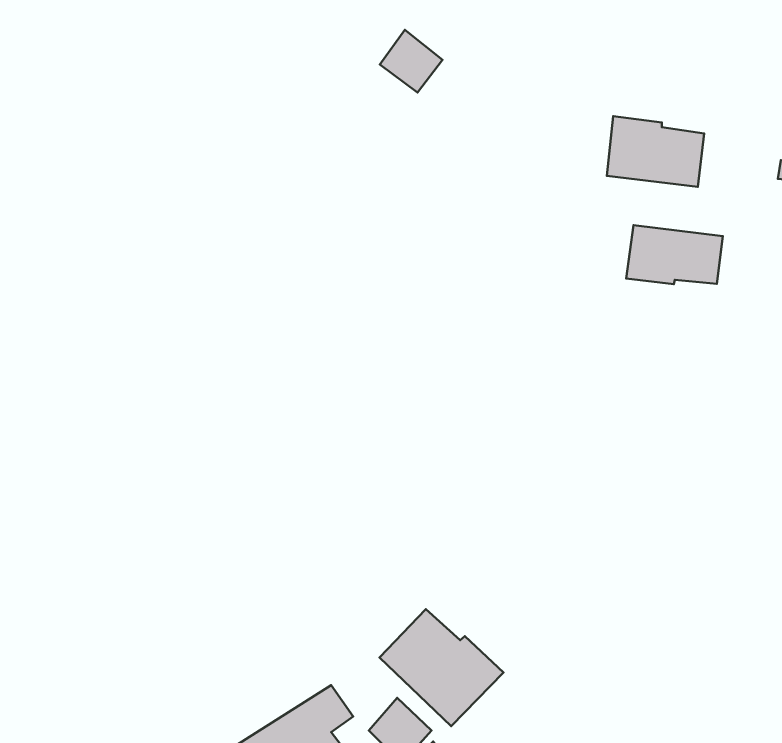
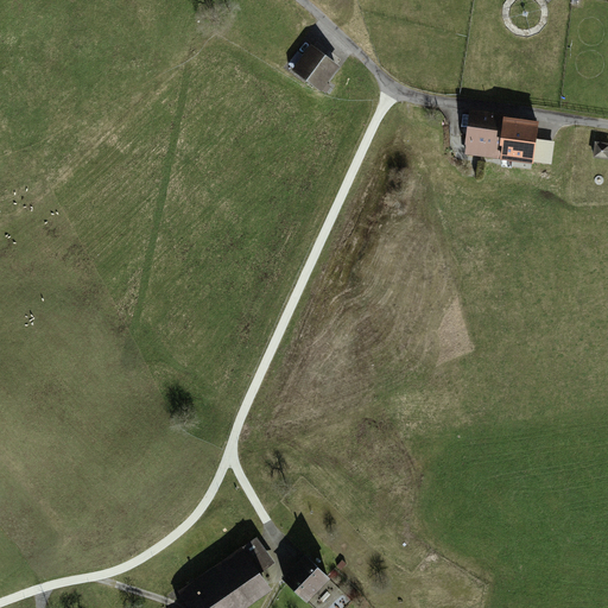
building: [626,225,723,284] -> none
building: [379,609,504,726] -> none

